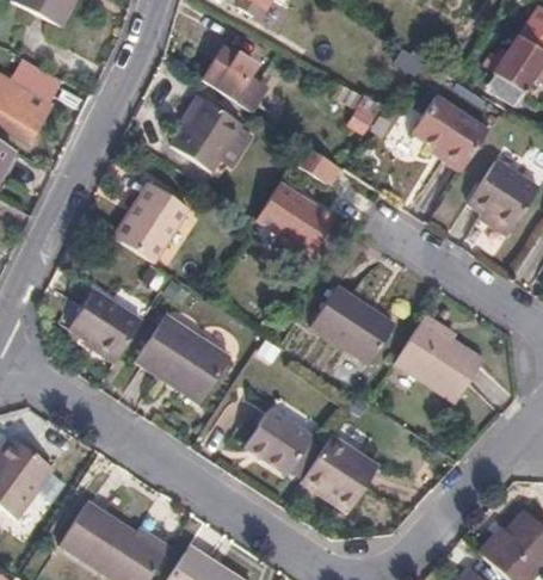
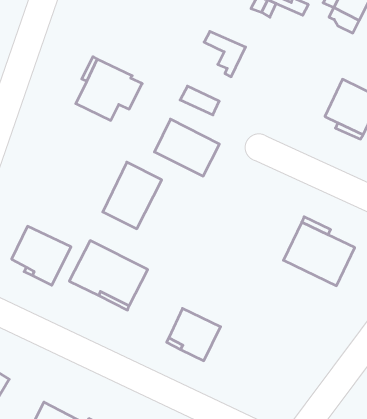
building: [204,47,267,107] -> none
building: [413,92,487,165] -> none
building: [117,185,192,266] -> [103,162,162,229]
building: [313,291,395,368] -> none
building: [301,436,377,511] -> none

